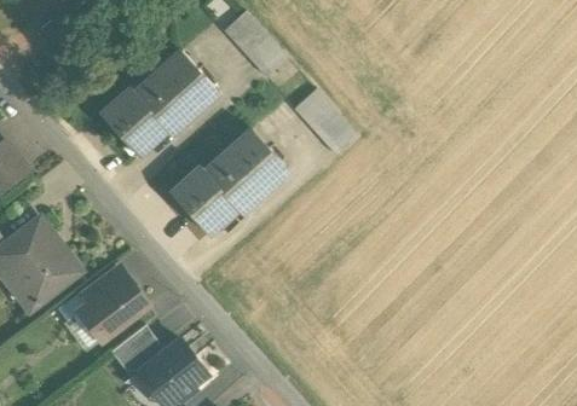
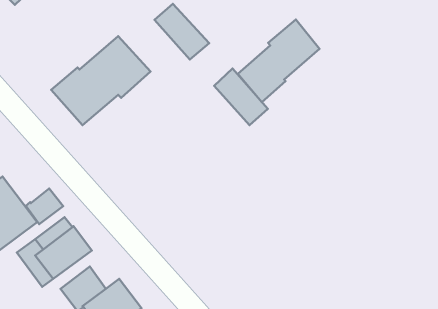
building: none -> [238,19,320,102]
building: [171,127,288,233] -> none
building: none -> [26,189,63,224]

